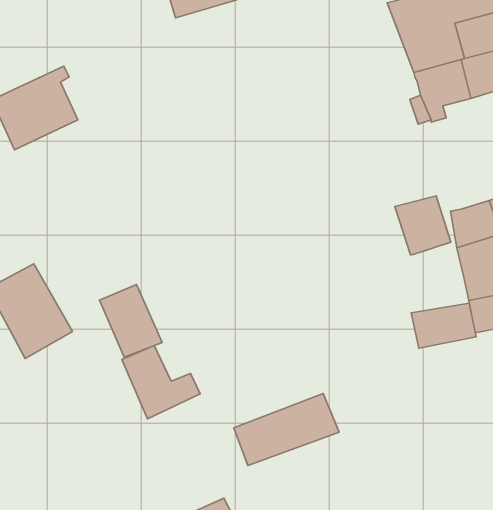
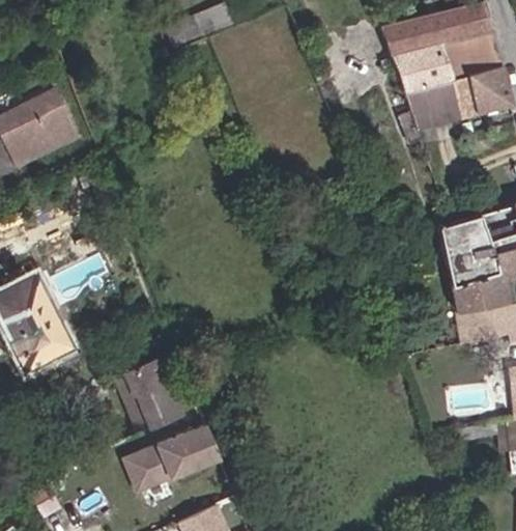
building: [395,196,451,255] -> none
building: [99,284,162,357] -> none
building: [411,303,476,348] -> none
building: [234,393,339,465] -> [123,424,225,494]

